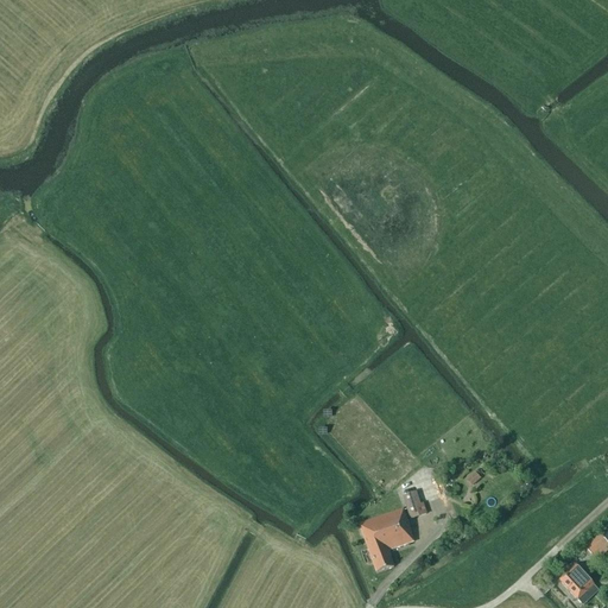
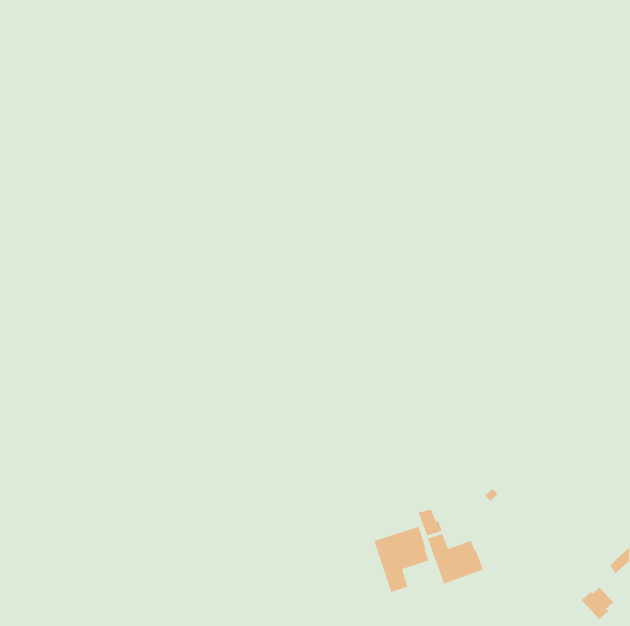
building: none -> [427,533,484,585]

